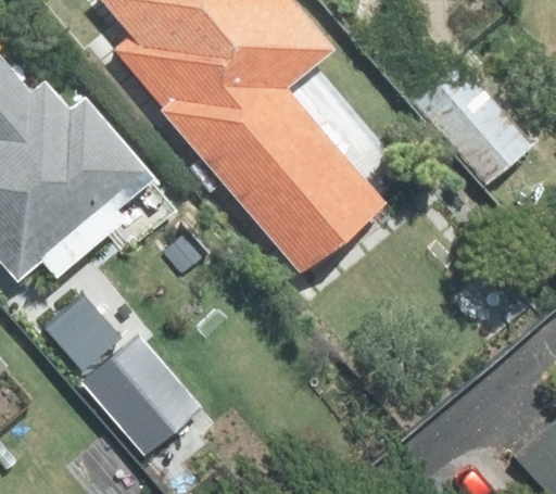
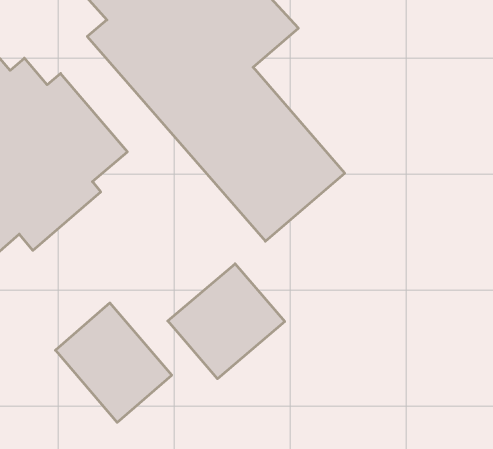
building: [407,60,533,189] -> none
building: none -> [168,264,285,379]

